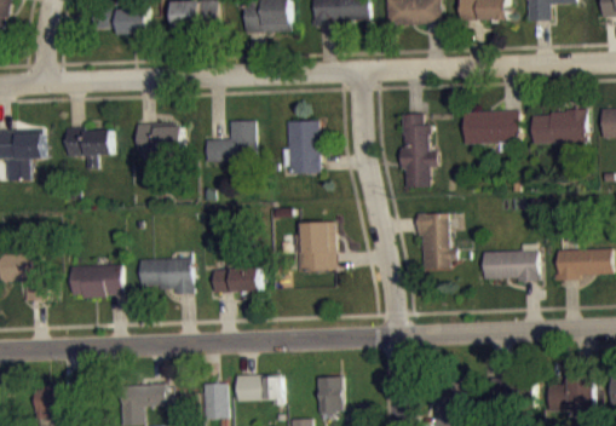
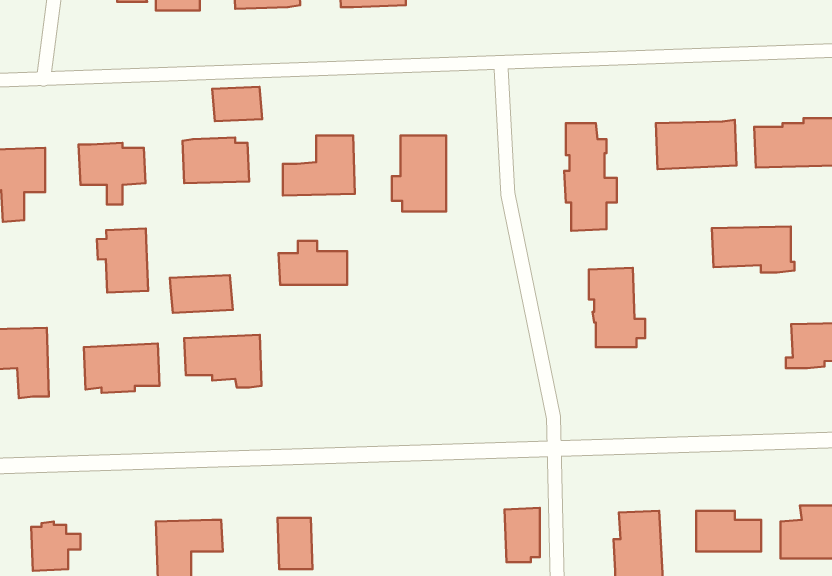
building: none -> [212,87,262,121]
building: none -> [97,229,148,292]
building: none -> [170,275,233,313]
building: [294,223,334,271] -> none
building: [482,251,539,282] -> [712,227,794,272]
building: [212,261,259,292] -> [278,241,347,285]
building: [235,374,282,404] -> none
building: [317,376,341,414] -> [505,508,540,562]

